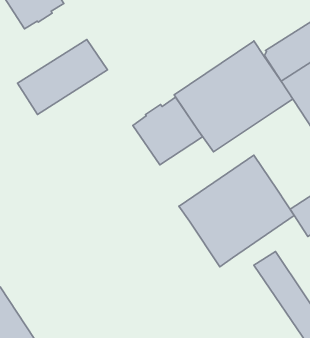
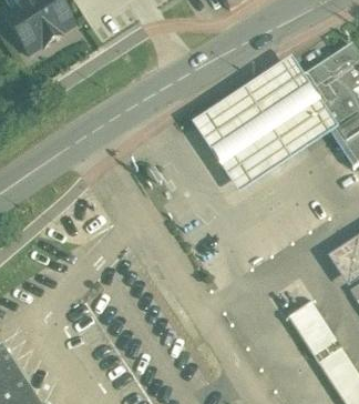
building: [17,39,108,115] -> none
building: [133,97,202,165] -> none
building: [179,155,294,267] -> none

